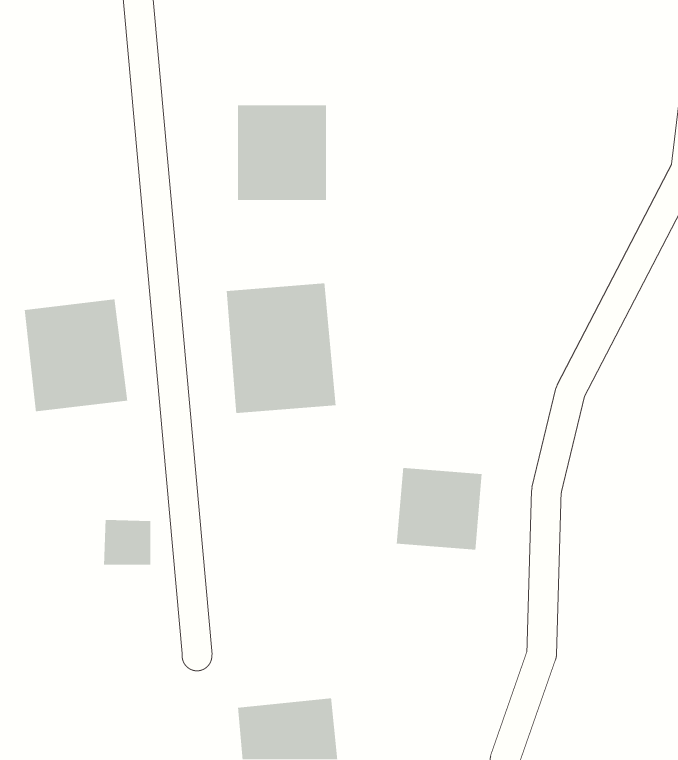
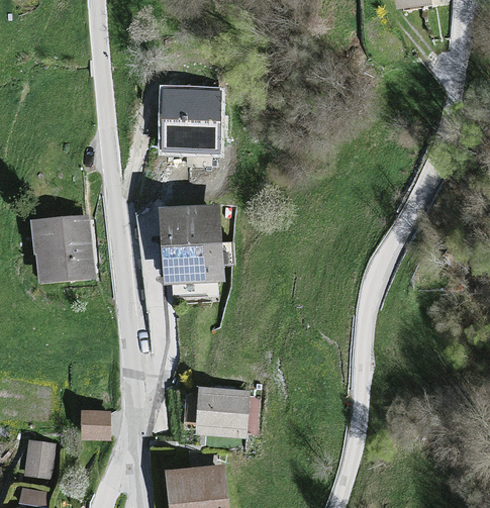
building: [396,467,483,550] -> [195,385,250,437]
building: [103,519,151,566] -> [80,409,110,438]
building: none -> [22,440,55,479]

